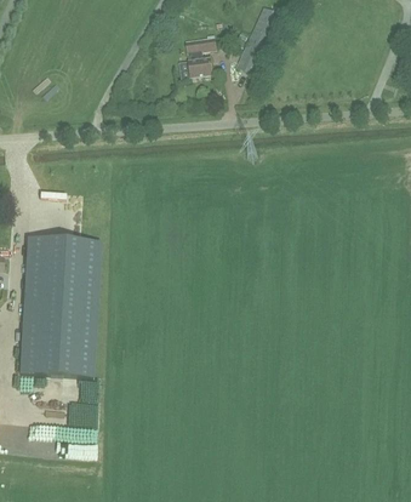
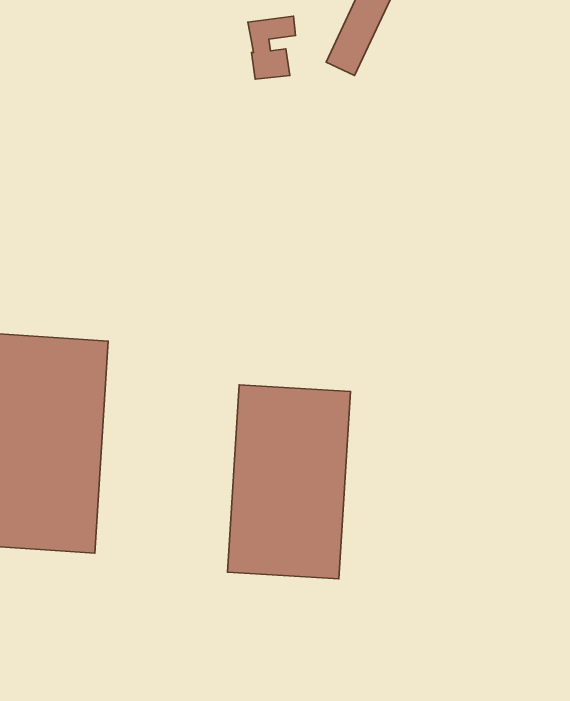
building: none -> [227,385,351,579]

